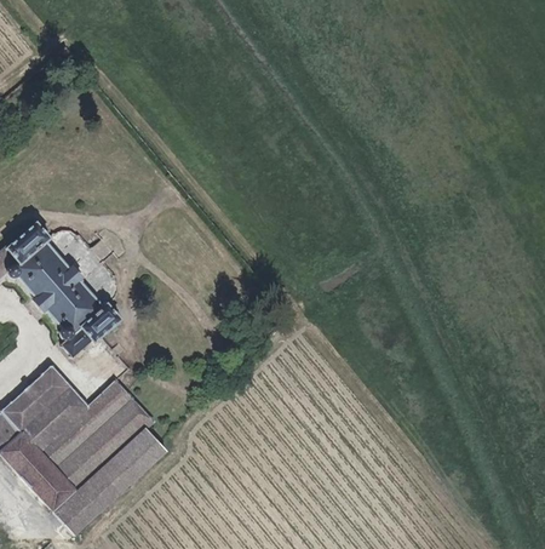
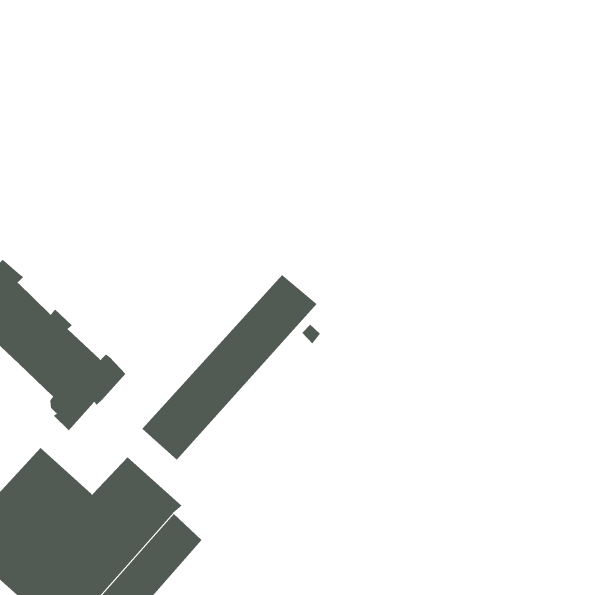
building: none -> [141,274,318,461]

